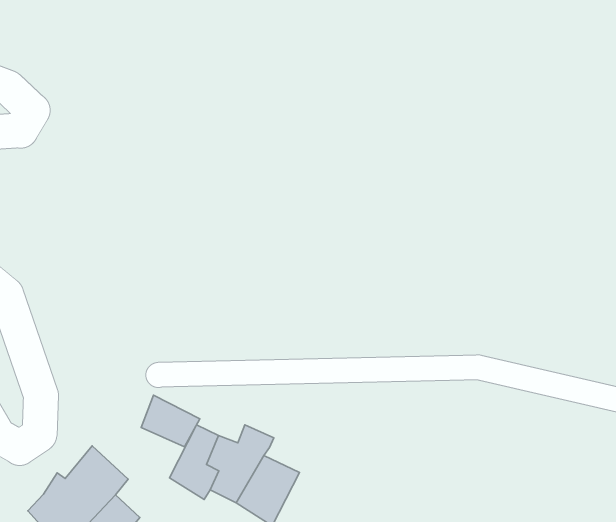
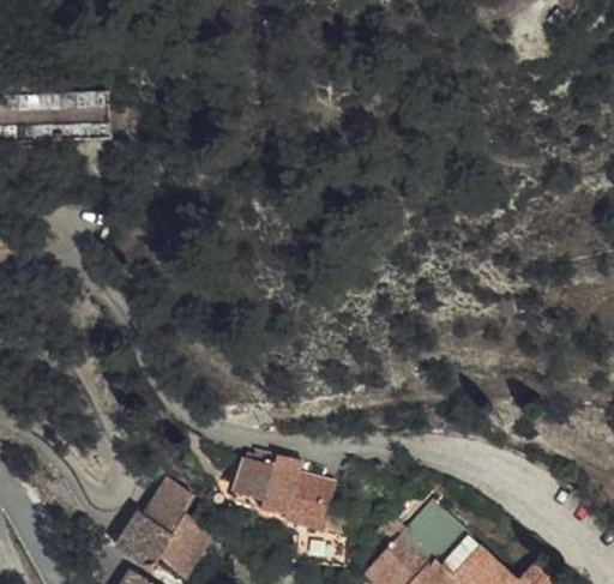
building: [141,395,200,447] -> none

